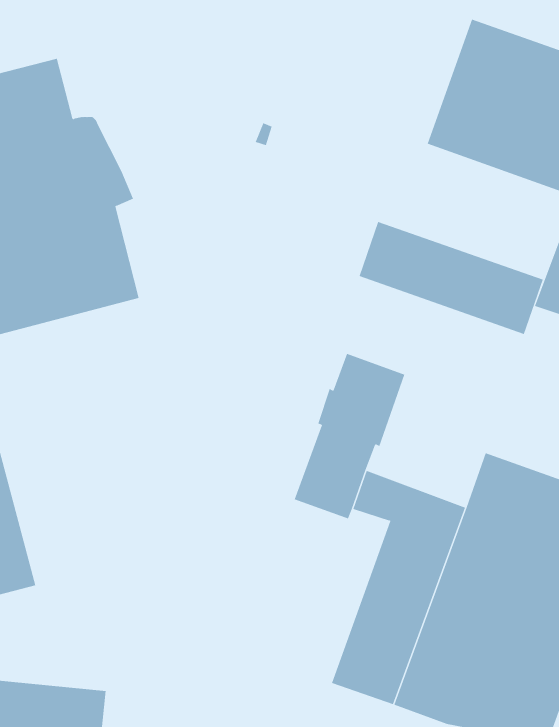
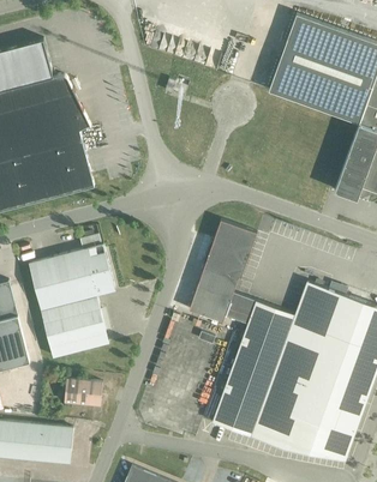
building: [359,221,543,335] -> none
building: none -> [28,235,114,357]
building: none -> [64,379,101,406]

